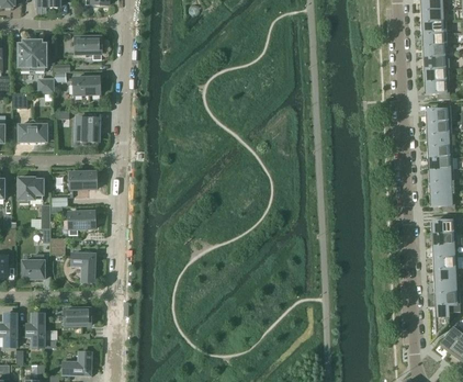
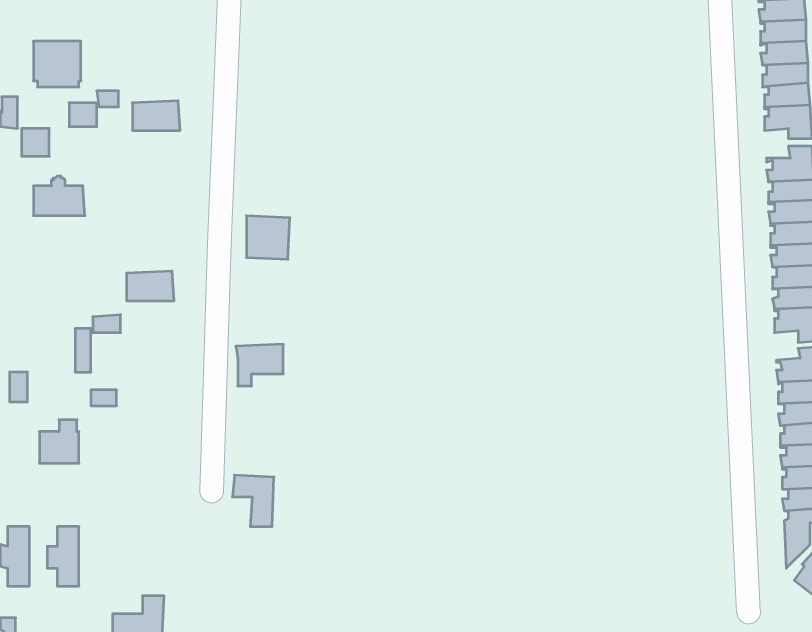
building: [75,36,101,58] -> none
building: [76,116,100,141] -> [246,216,290,259]
building: [19,176,43,202] -> none
building: [68,211,94,234] -> [236,344,283,386]
building: [71,252,94,281] -> [232,475,274,527]
building: [65,307,91,325] -> none

